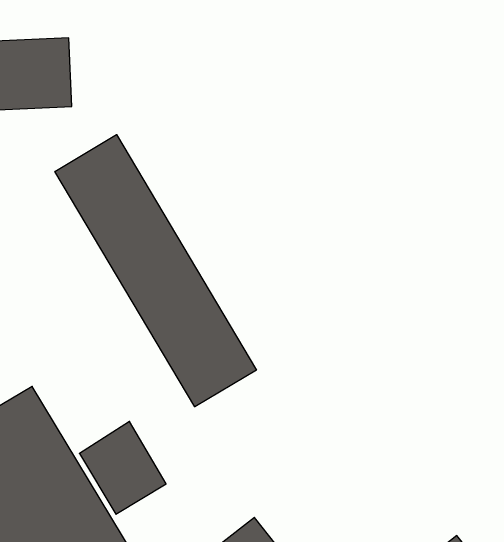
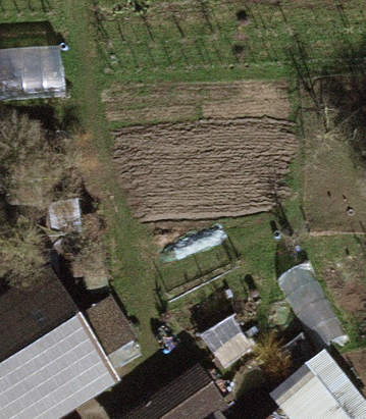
building: [55,135,256,407] -> none

